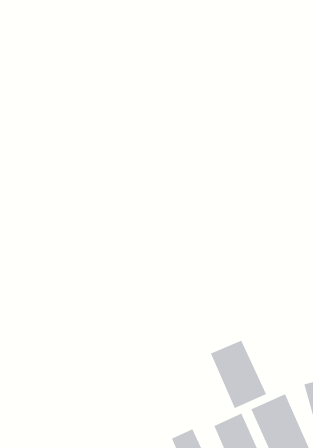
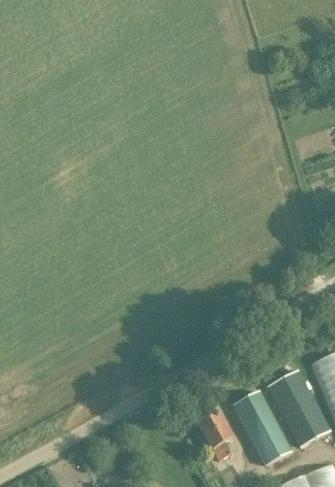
building: [210,340,267,409] -> none

